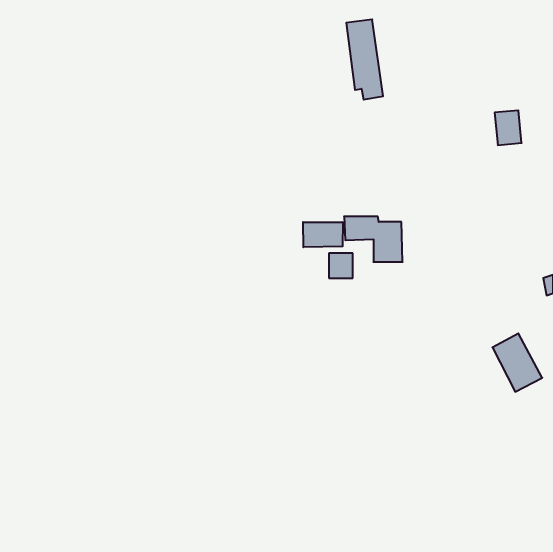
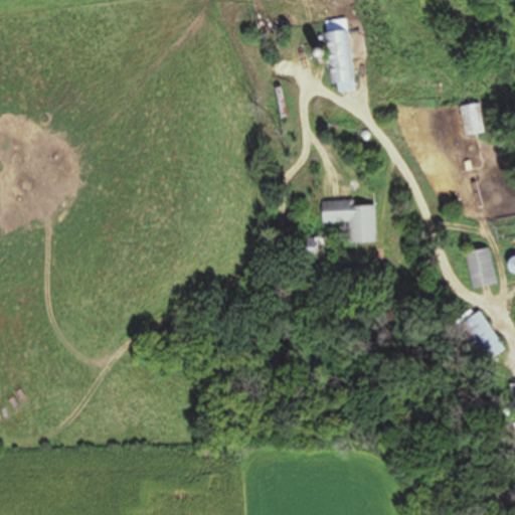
building: [303,222,343,247] -> none
building: none -> [466,246,498,289]

